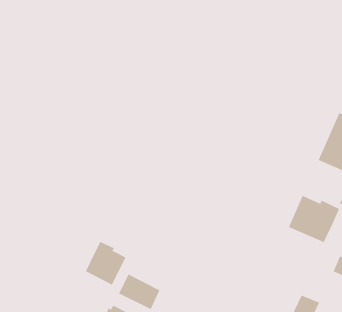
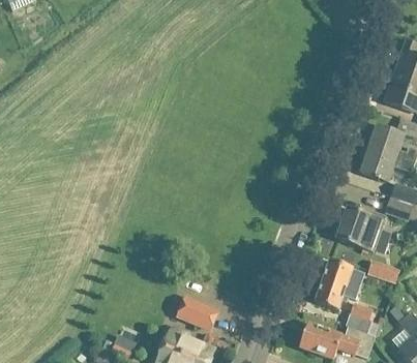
building: [85,241,126,285] -> none
building: none -> [314,259,363,308]

